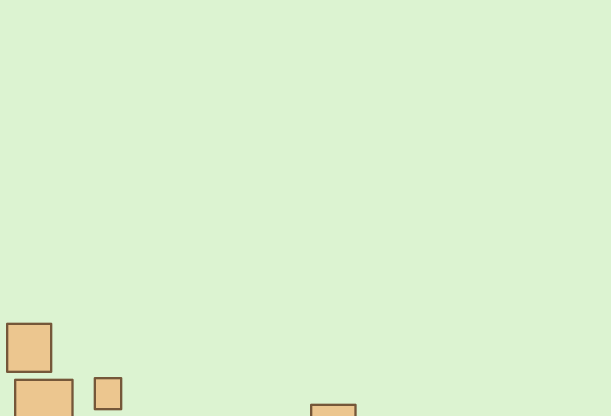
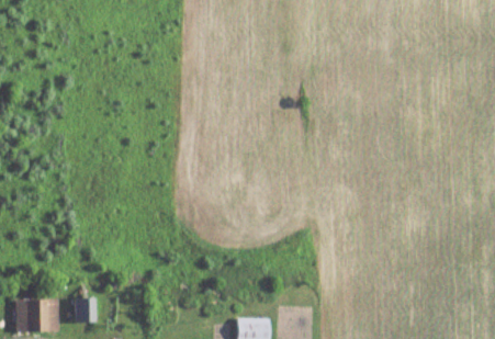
building: [7,324,51,372] -> none

